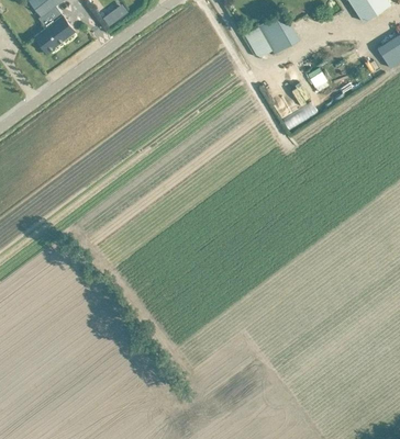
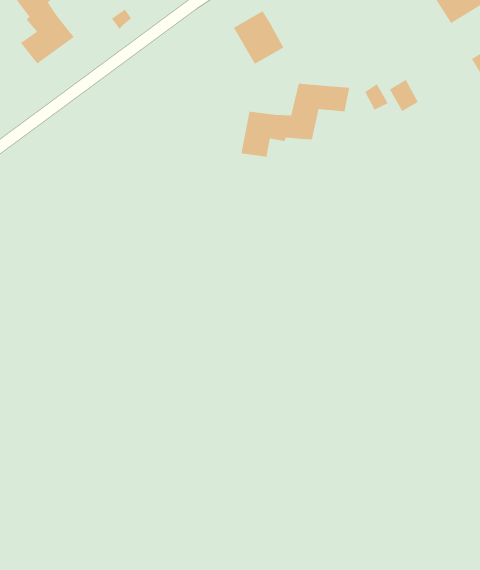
building: [257,13,297,55] -> [233,10,285,65]
building: none -> [241,83,350,157]

